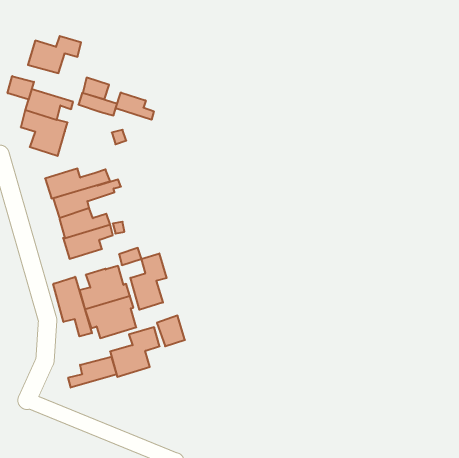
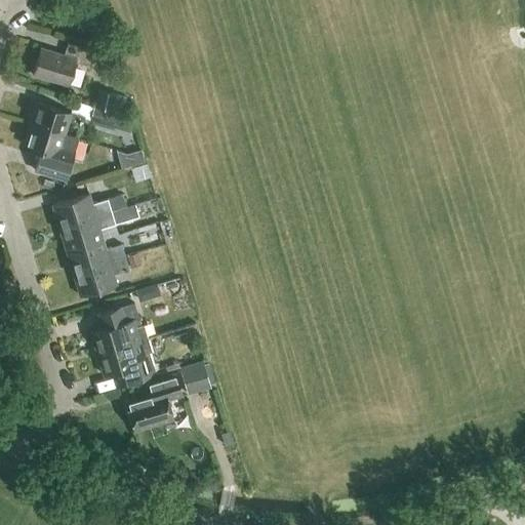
building: [8,76,34,100] -> none
building: [116,92,154,120] -> none
building: [130,253,167,310] -> none
building: [53,277,92,336] -> none
building: [68,357,117,388] -> none

